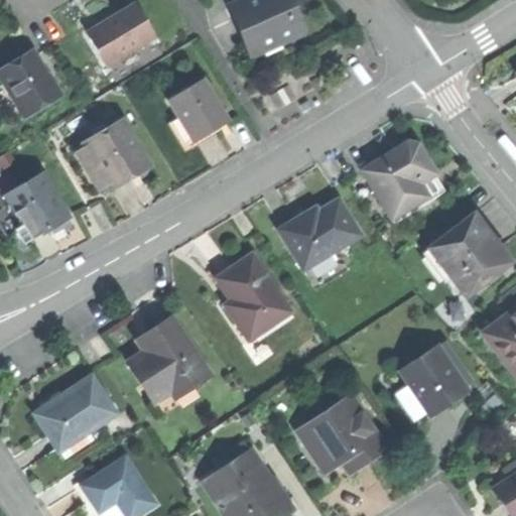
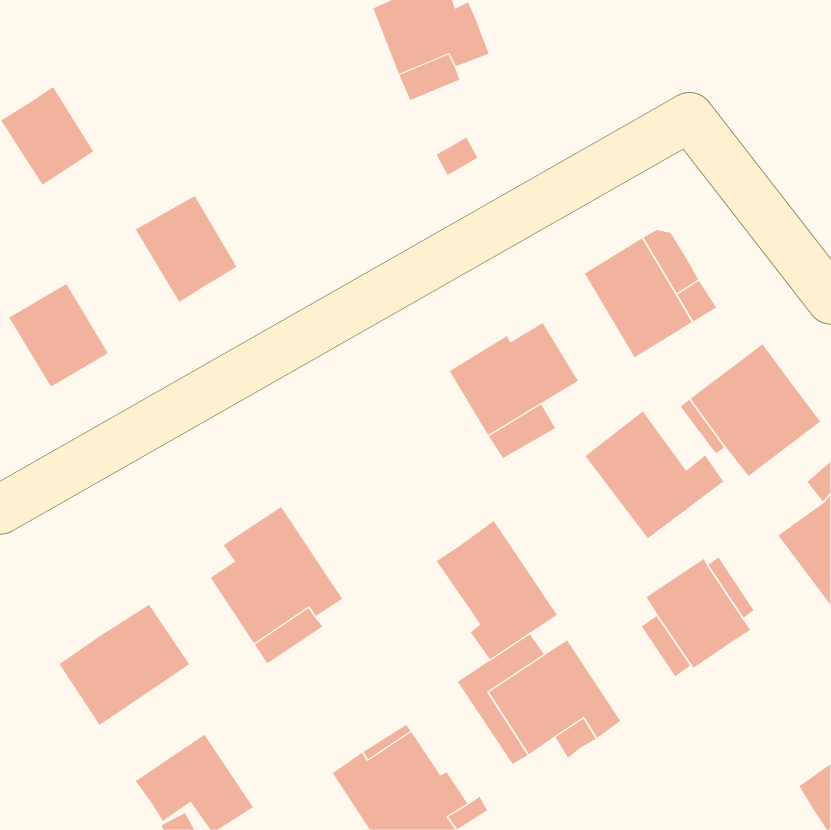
building: [87,5,152,66] -> none
building: [170,81,226,139] -> none
building: [215,253,290,340] -> [436,520,558,660]
building: none -> [585,411,724,539]

